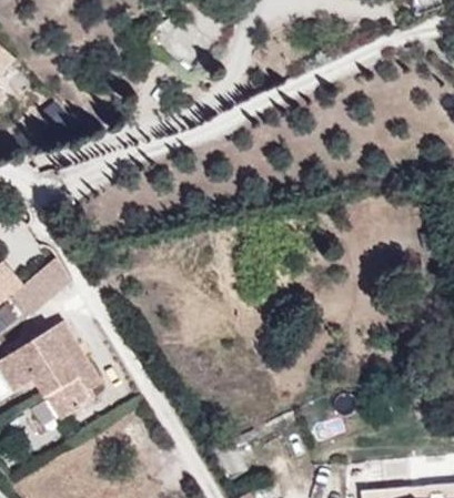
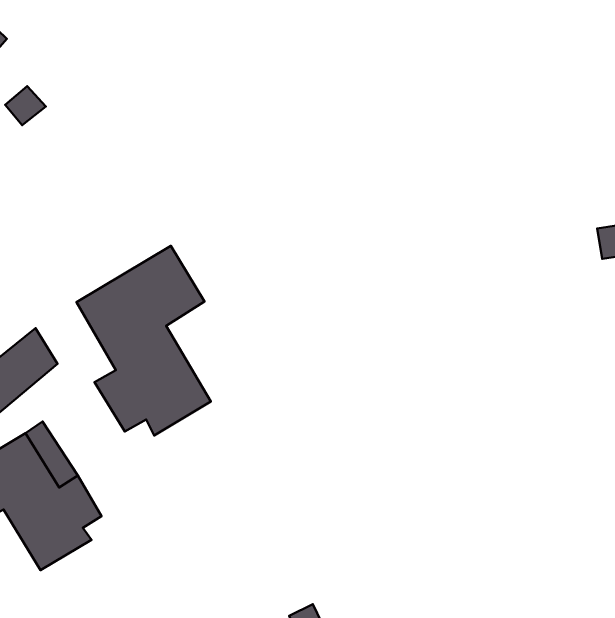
building: none -> [77,246,211,435]

